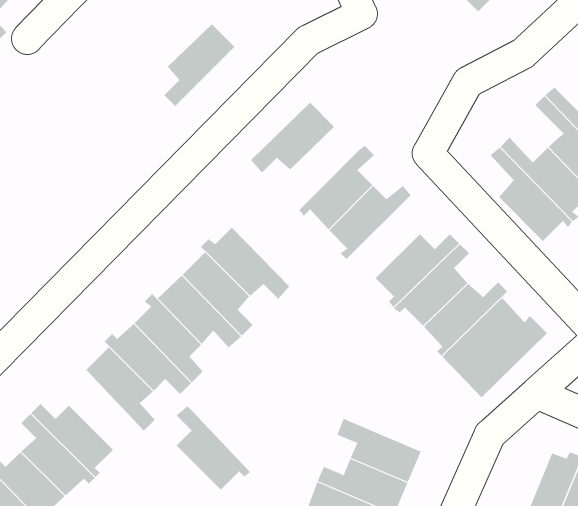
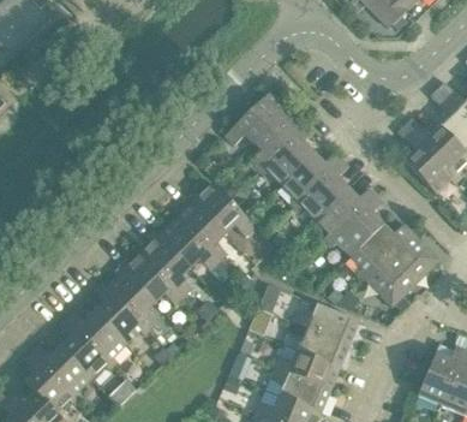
building: [164,24,235,107] -> [252,109,304,170]
building: none -> [295,159,349,219]
building: none -> [293,303,359,344]
building: [176,406,251,490] -> [95,281,149,343]

